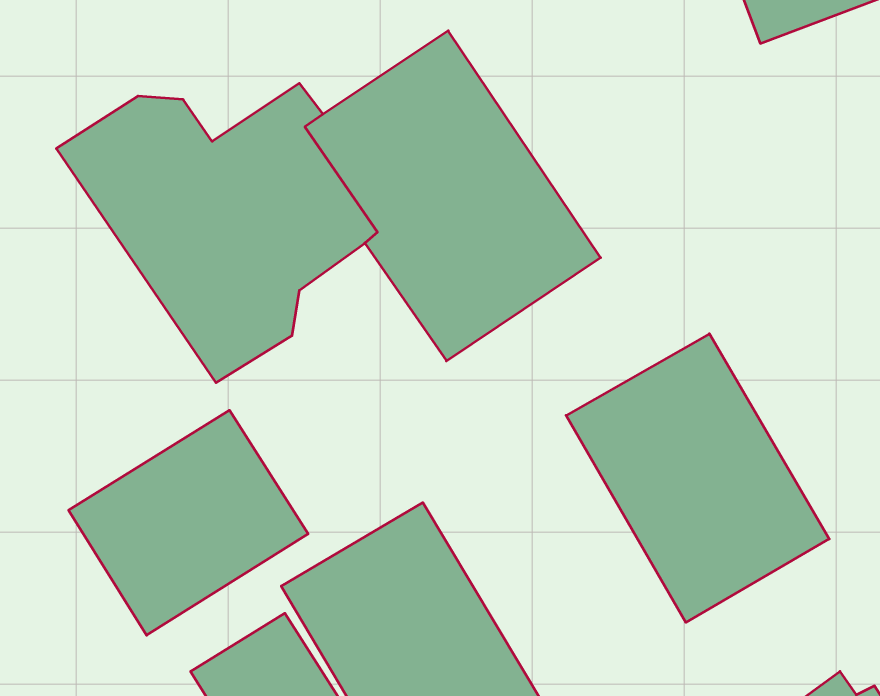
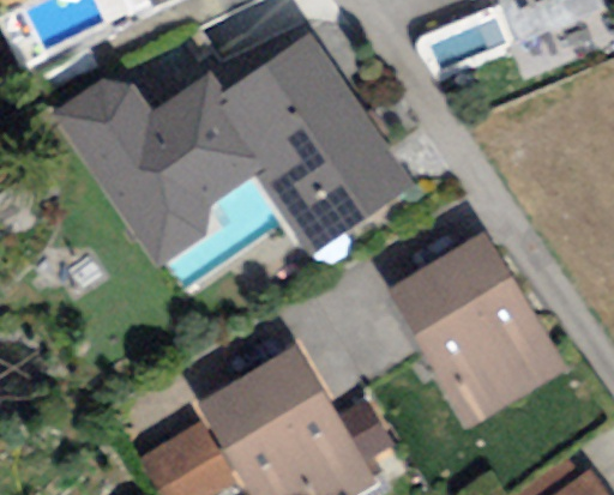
building: [69,410,308,635] -> none

